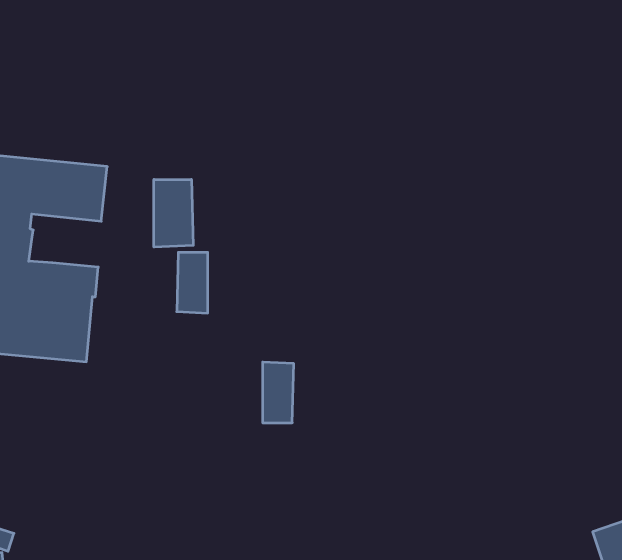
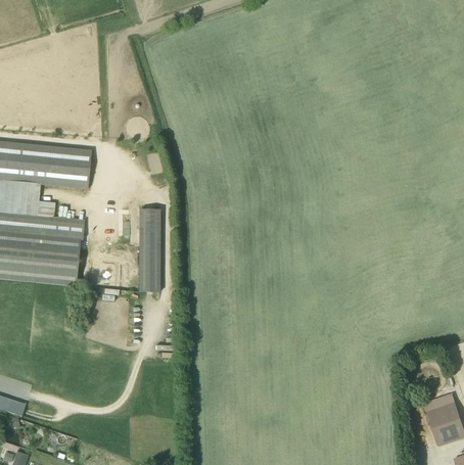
building: [154,179,193,247] -> none
building: [263,362,294,423] -> [139,249,160,291]

